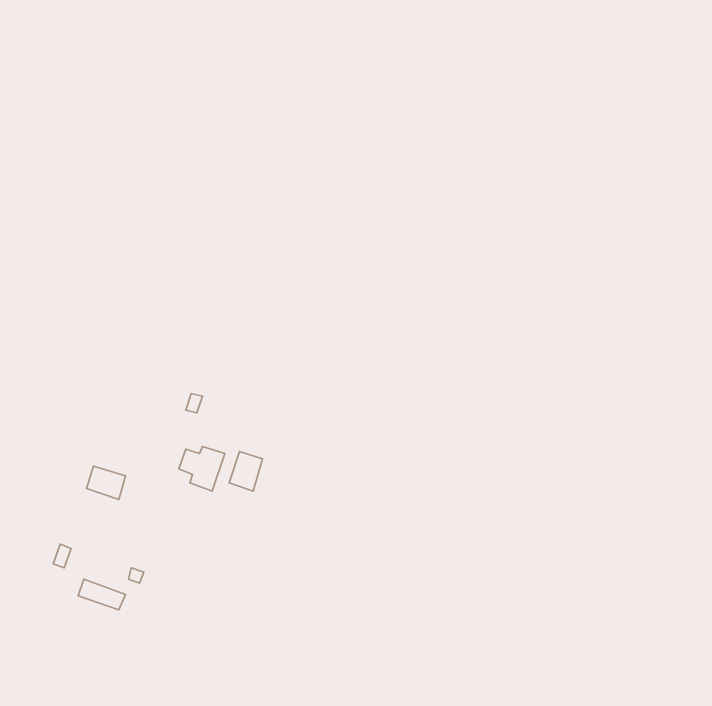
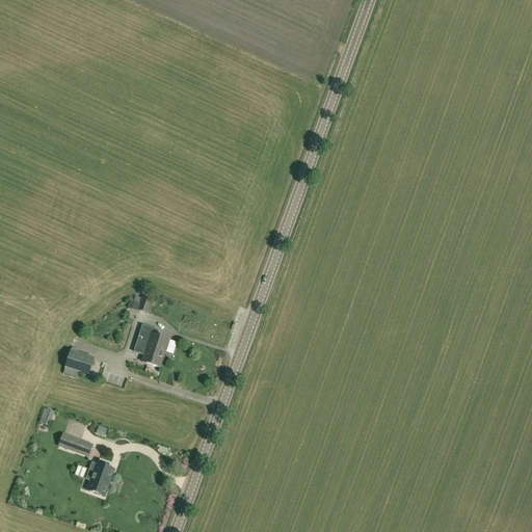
building: [229,451,263,491] -> none
building: none -> [87,456,114,494]

